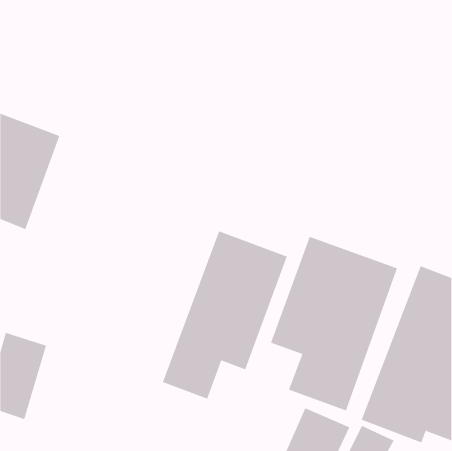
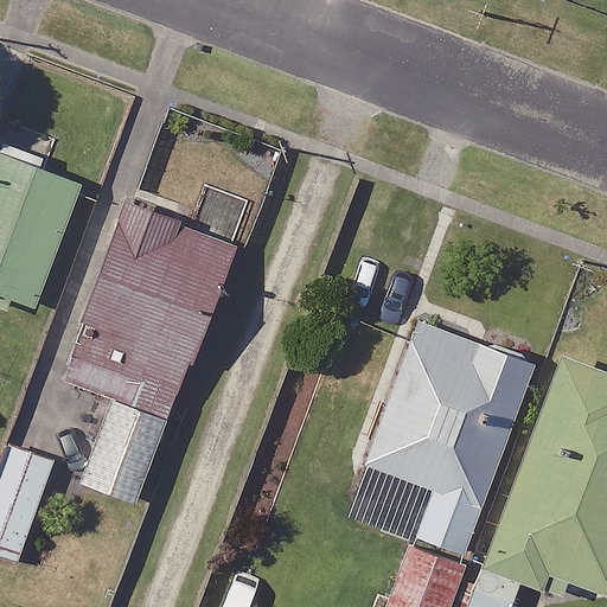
building: none -> [64,207,235,503]
building: [162,231,287,399] -> none

